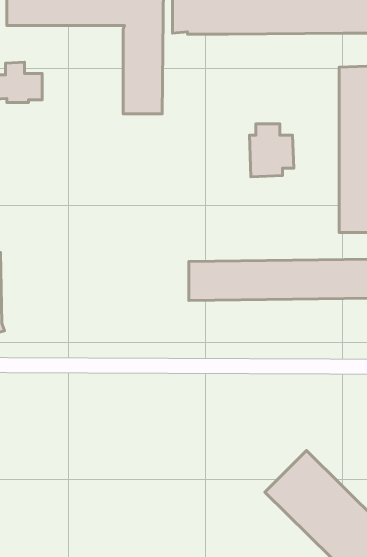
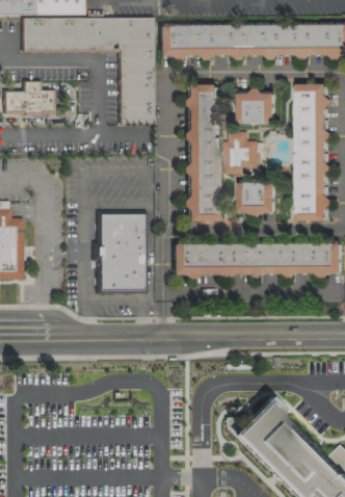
building: none -> [185,84,220,221]
building: none -> [239,90,276,124]
building: none -> [239,182,276,215]
building: none -> [99,214,142,290]

